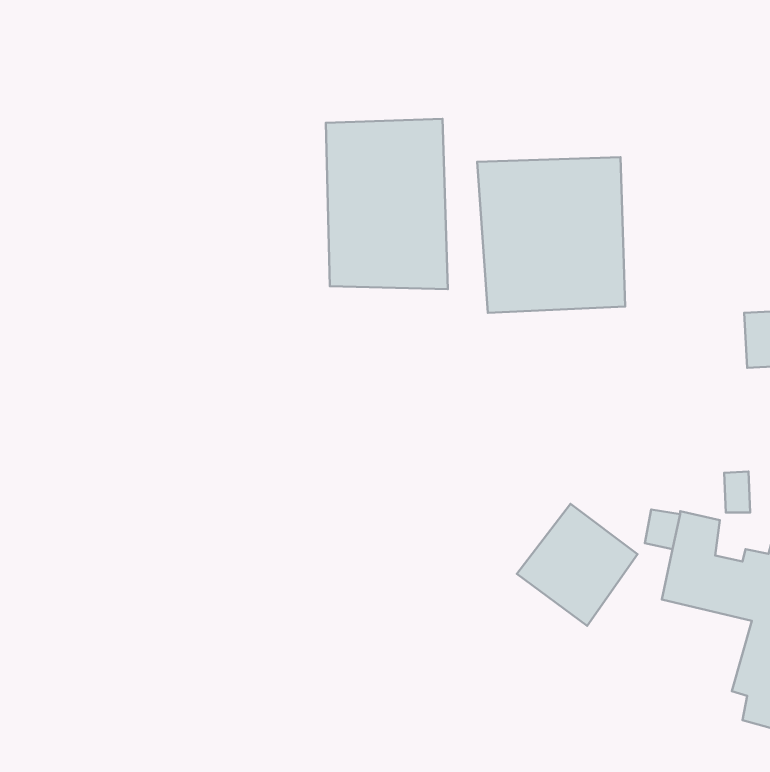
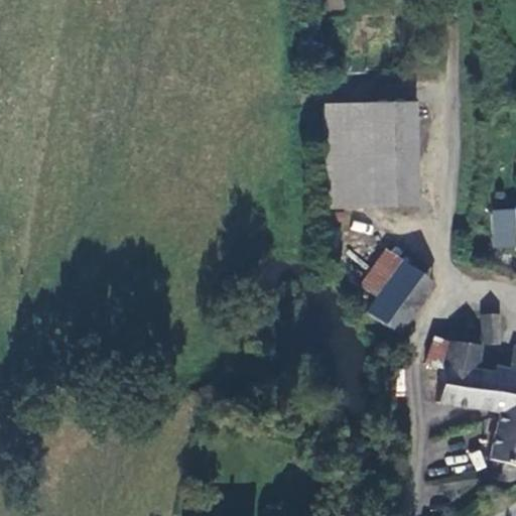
building: [326,119,448,289] -> none
building: [517,504,637,626] -> [356,251,435,332]

